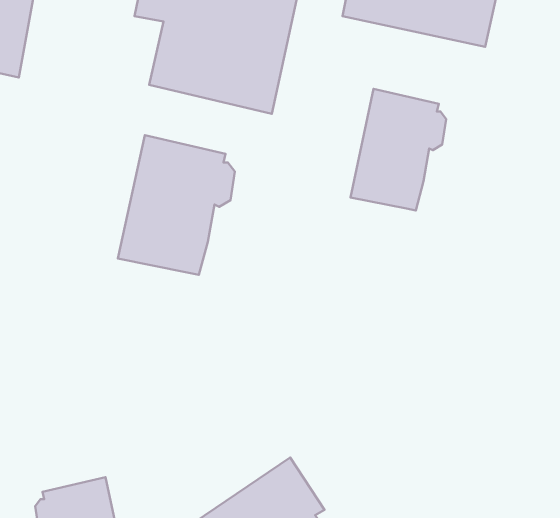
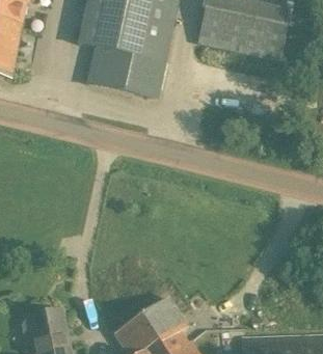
building: [351,89,446,210] -> none
building: [118,135,235,275] -> none

